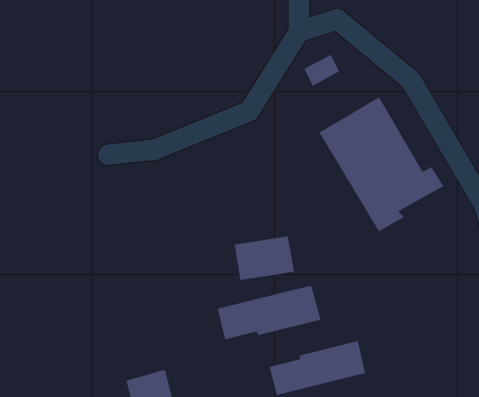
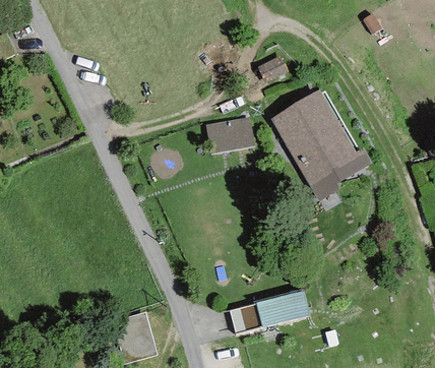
building: [234,236,295,281] -> [205,117,255,154]
building: [217,285,321,340] -> none

